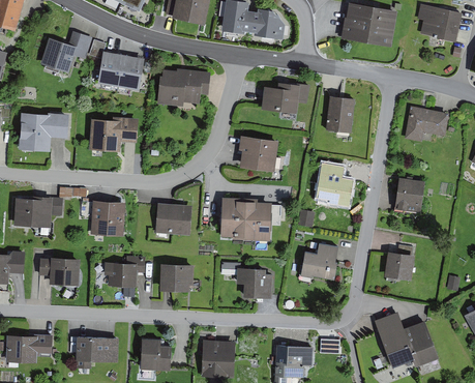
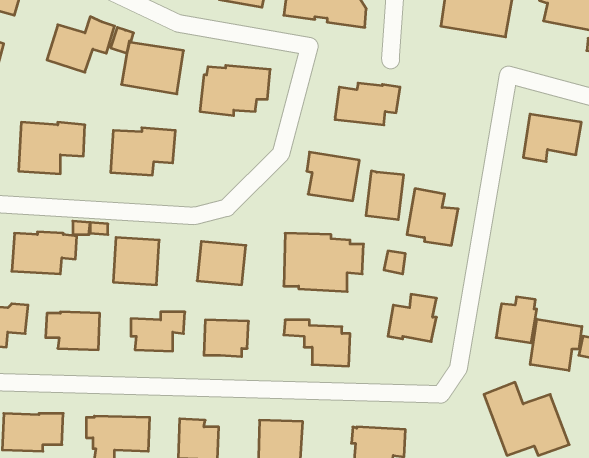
building: [325,95,354,132] -> [366,171,404,220]
building: [393,177,424,213] -> none
building: none -> [530,319,582,371]

